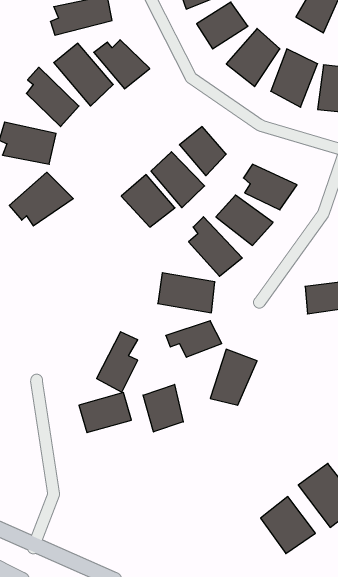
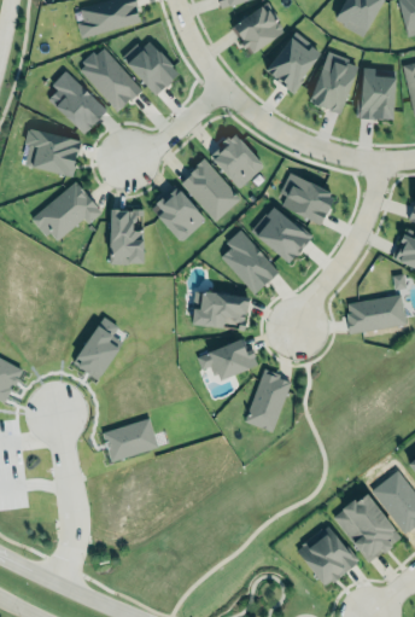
building: none -> [110,210,144,264]
building: [97,332,138,392] -> [78,314,122,378]
building: [143,384,183,432] -> none

